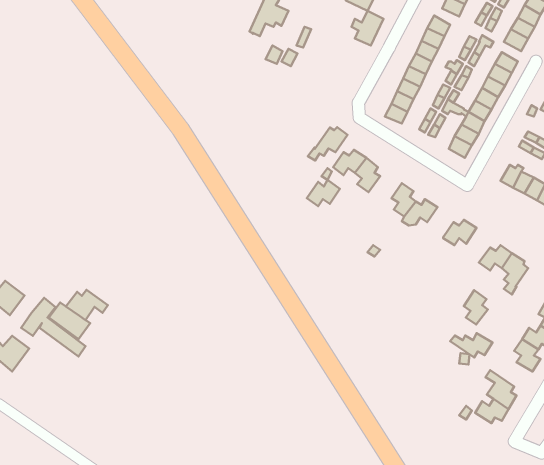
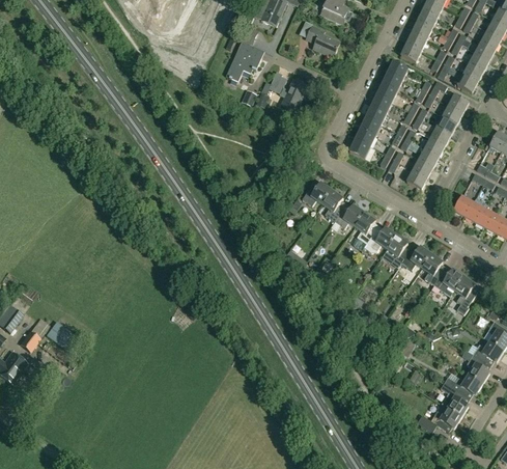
building: [351,11,384,45] -> [279,78,308,109]
building: [308,127,348,161] -> none
building: [307,180,340,206] -> [334,203,364,227]
building: none -> [382,233,409,266]
building: [66,290,108,320] -> none
building: [464,290,488,325] -> [422,252,444,283]
building: [450,333,493,357] -> [444,374,482,395]

